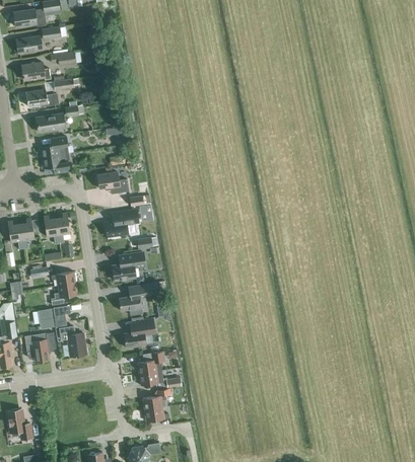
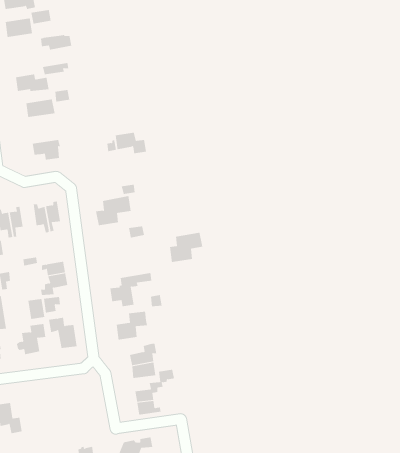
building: [21,62,51,80] -> none
building: [41,136,68,157] -> none
building: [97,172,129,194] -> [115,132,147,154]
building: [112,251,145,281] -> [169,232,203,262]

